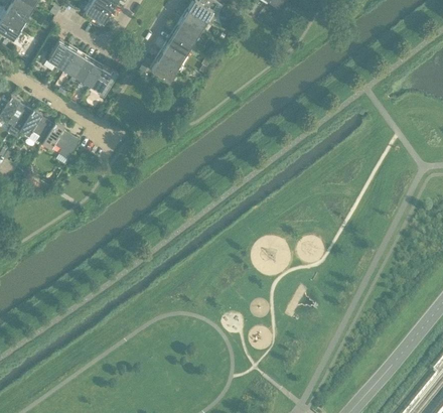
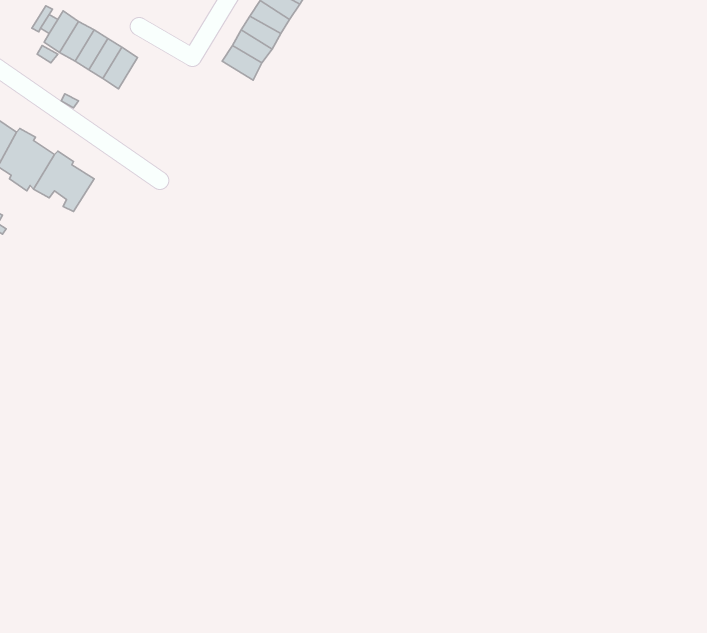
building: [90,68,117,98] -> none

